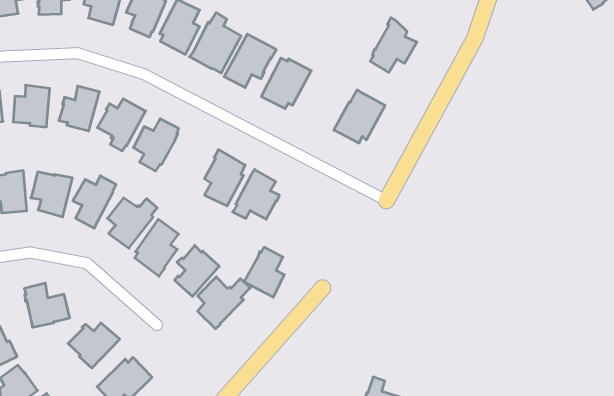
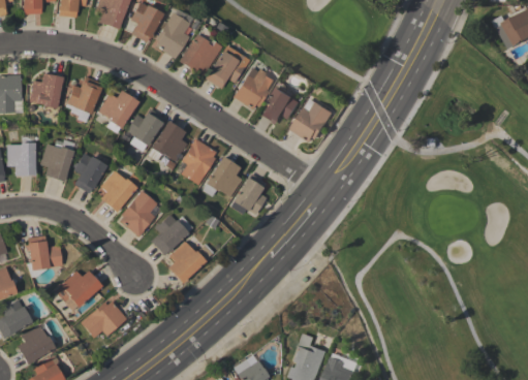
building: [370,18,417,72] -> [261,81,301,125]
building: none -> [148,120,187,161]
building: [244,247,284,297] -> [232,173,266,215]

